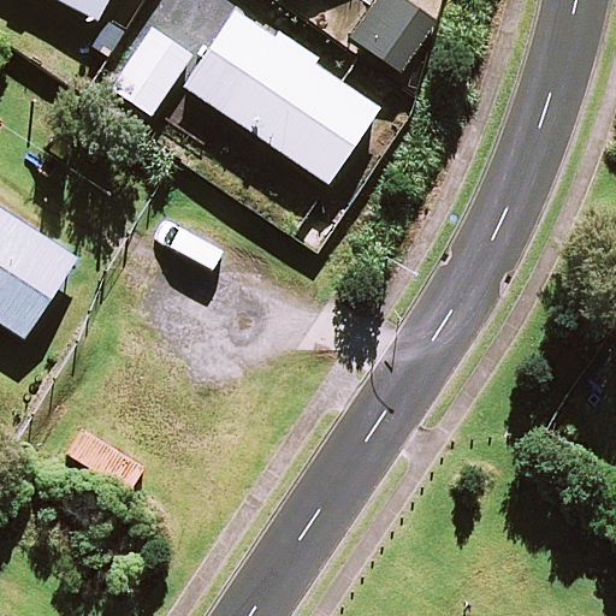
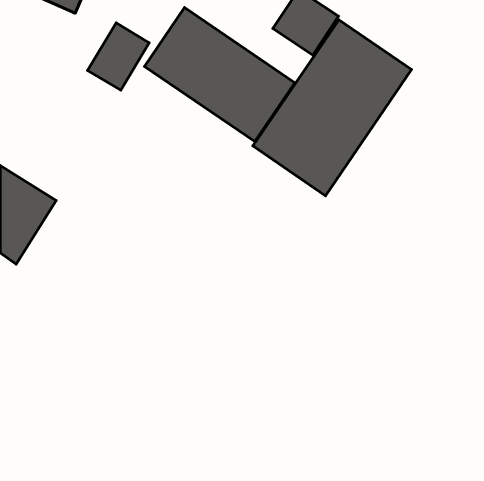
building: none -> [253,20,412,196]

